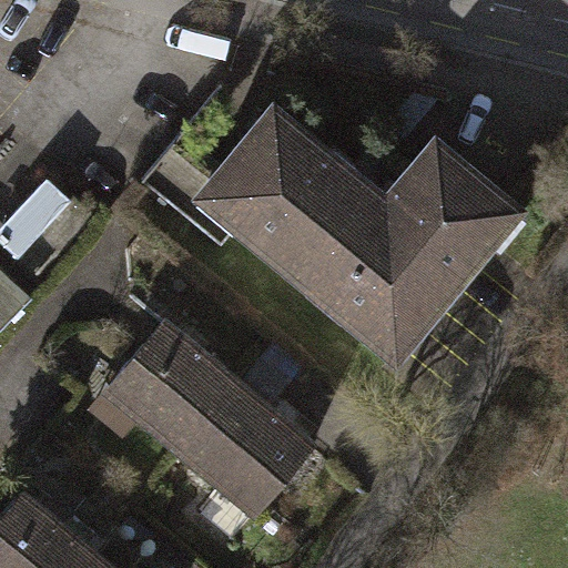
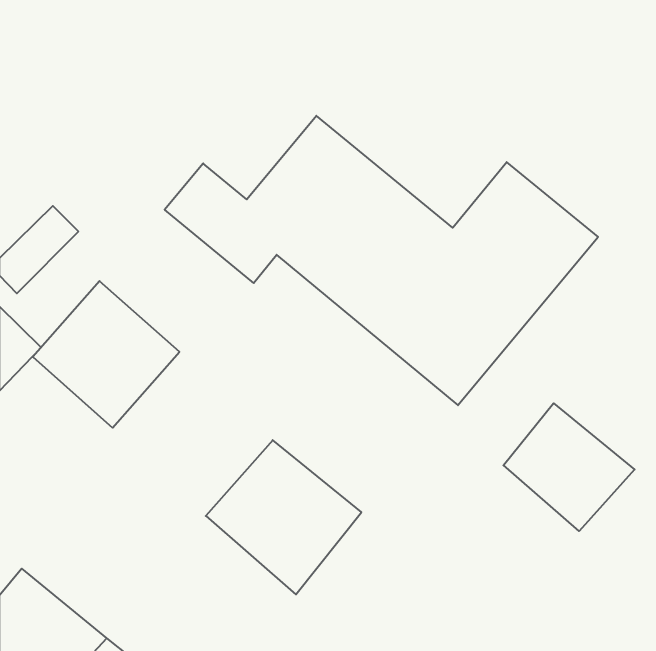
building: [109,324,235,450] -> [33,281,179,428]
building: none -> [503,403,635,531]

